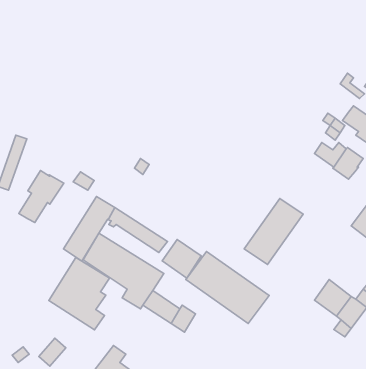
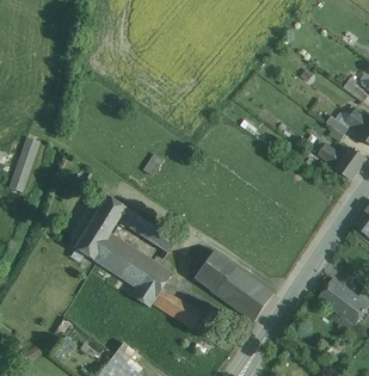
building: [19,171,64,223] -> none
building: [244,199,303,265] -> none
building: [162,239,201,278] -> none
building: [49,257,109,330] -> none

